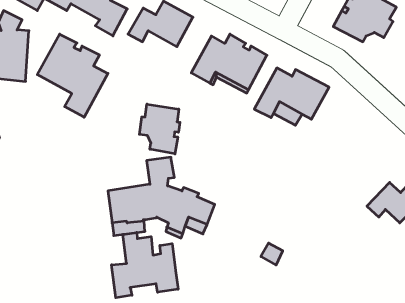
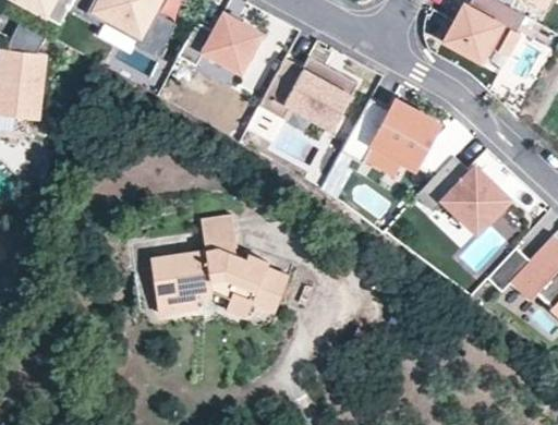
building: [37,34,108,117] -> none
building: [139,104,180,154] -> none
building: none -> [421,163,513,239]
building: [112,232,178,298] -> none

